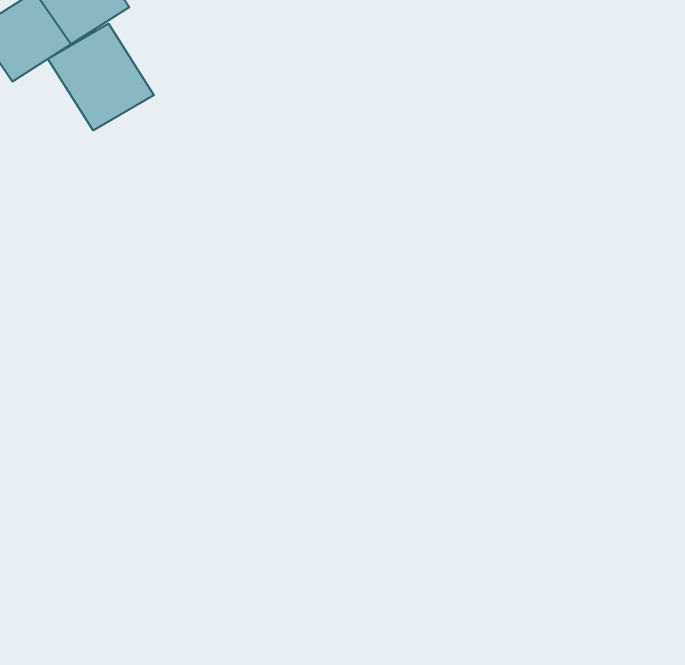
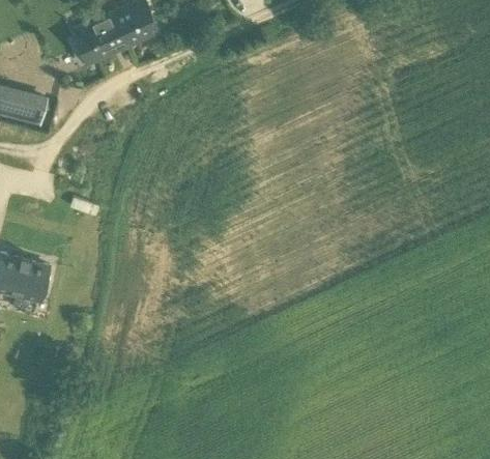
building: [48,24,154,130] -> none

